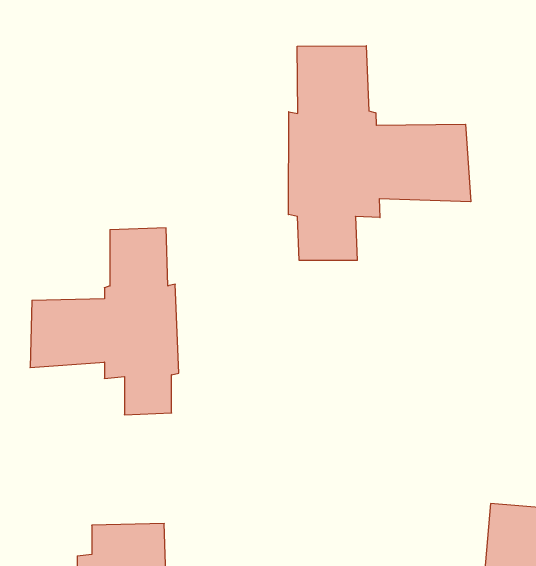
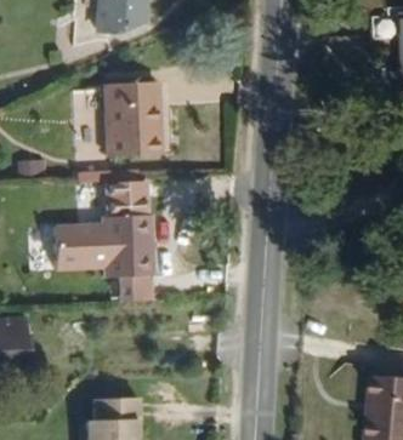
building: [288,46,471,260] -> none
building: none -> [104,97,159,166]

